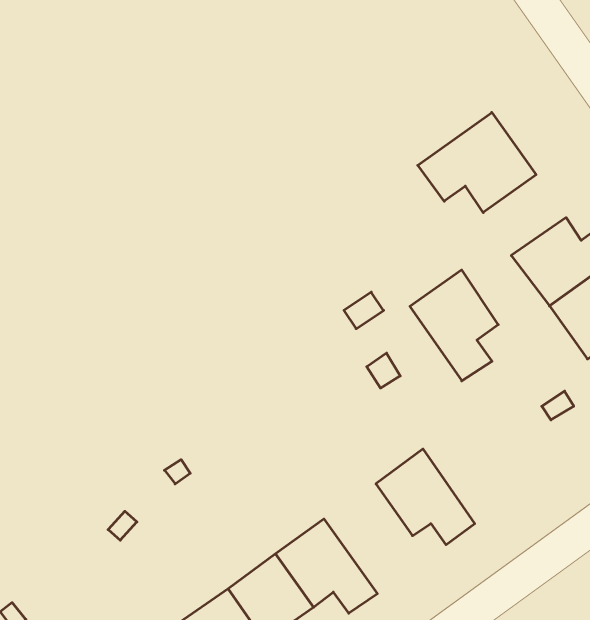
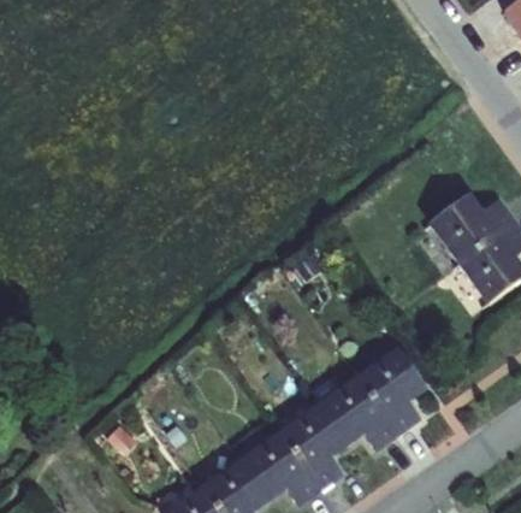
building: [418,112,536,213] -> none
building: [410,270,498,381] -> [357,346,427,434]
building: none -> [279,402,349,489]

